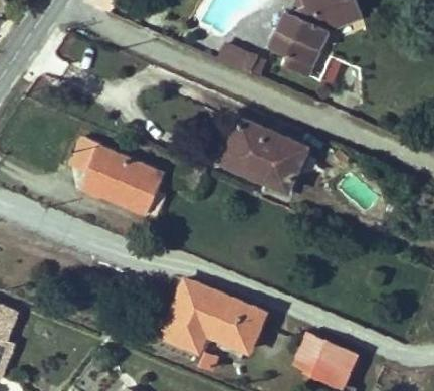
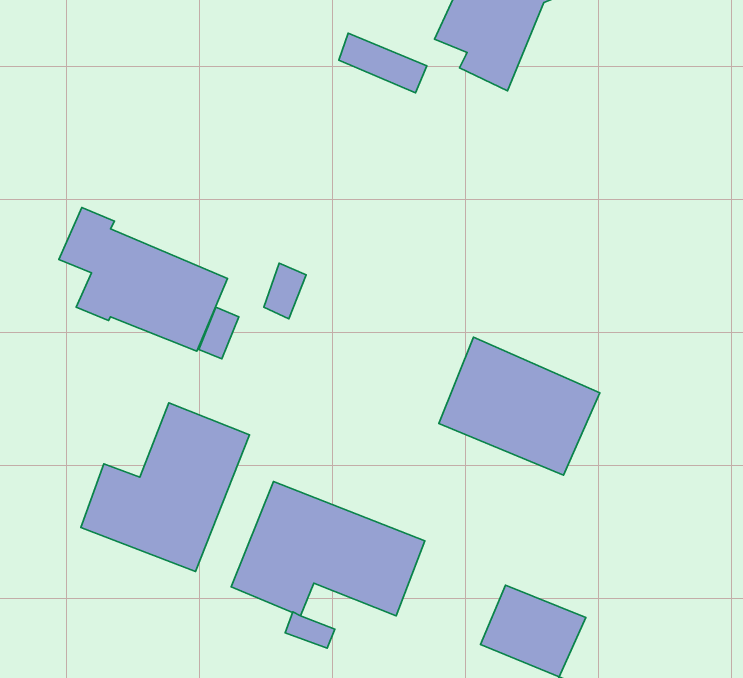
building: [222,119,306,191] -> [439,337,600,475]
building: none -> [81,403,249,572]

